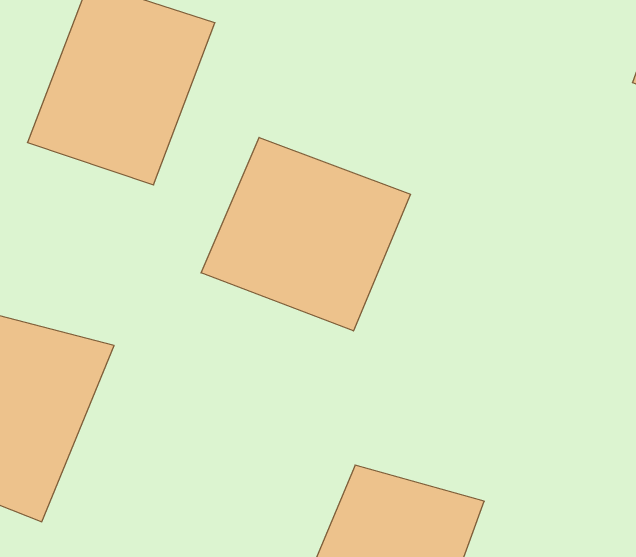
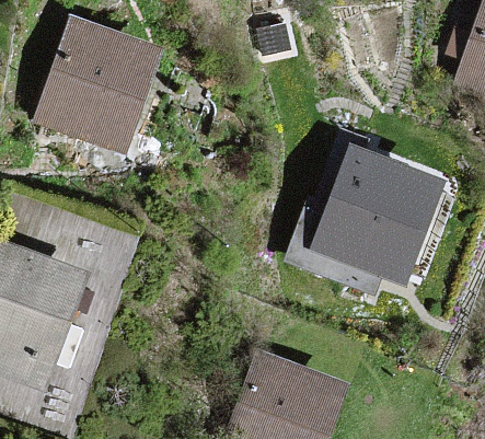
building: [201,137,410,331] -> none
building: none -> [307,140,441,282]

